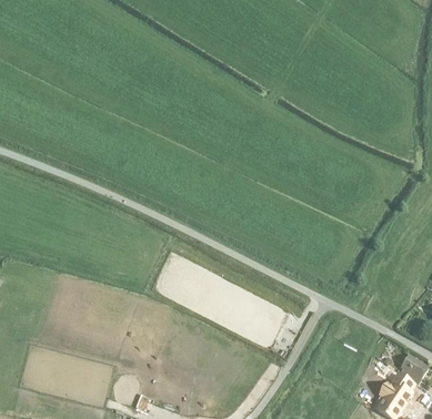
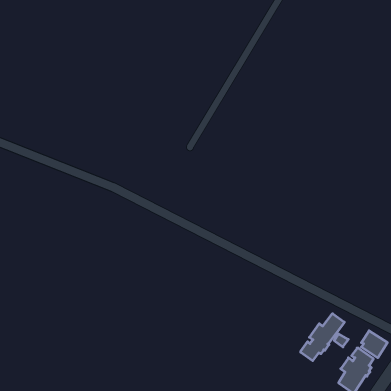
building: none -> [301,314,344,361]

